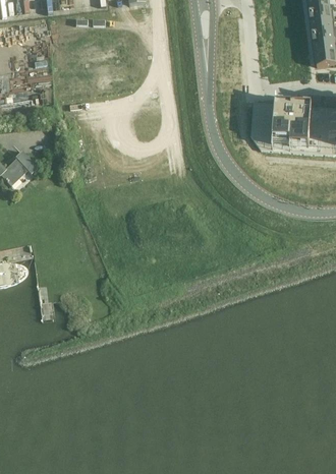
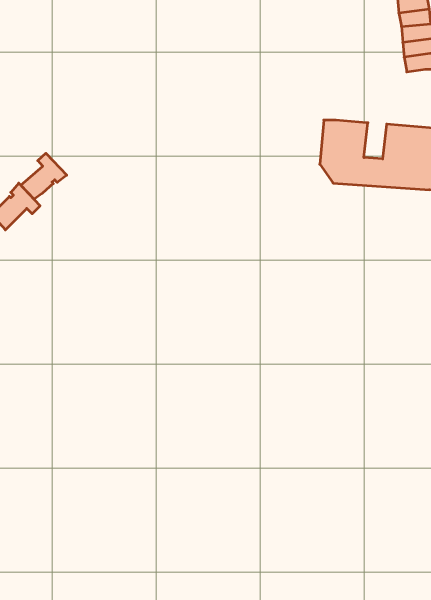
building: [283,101,300,130] -> none
building: none -> [21,153,67,199]

